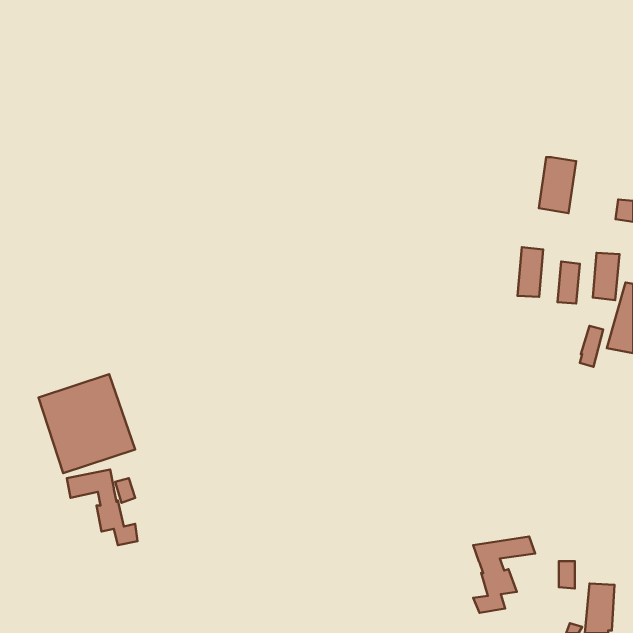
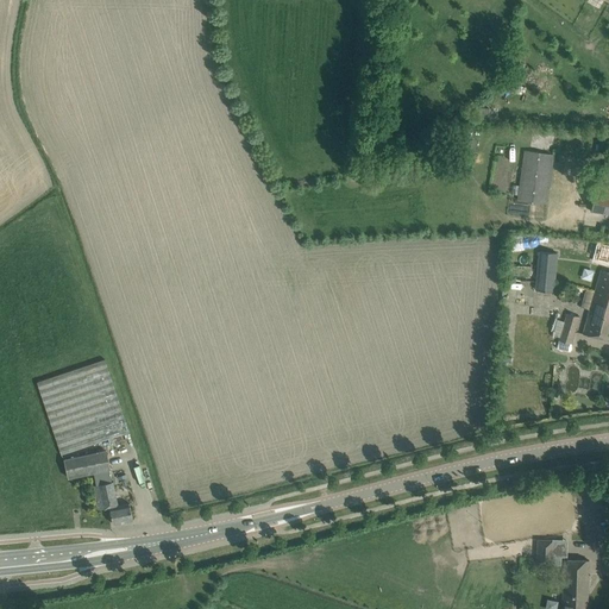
building: [518,247,543,297] -> none
building: [593,253,619,300] -> none
building: [473,536,535,613] -> none

